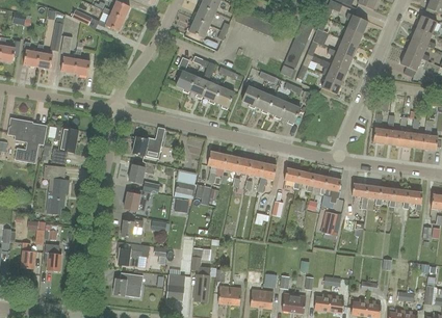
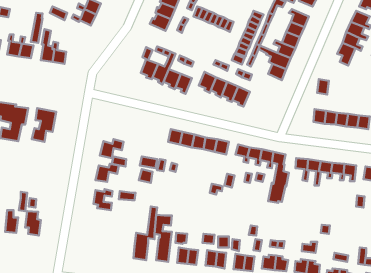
building: [132,127,164,157] -> none
building: [44,164,70,214] -> none
building: [116,241,149,266] -> none
building: [113,274,142,296] -> none

